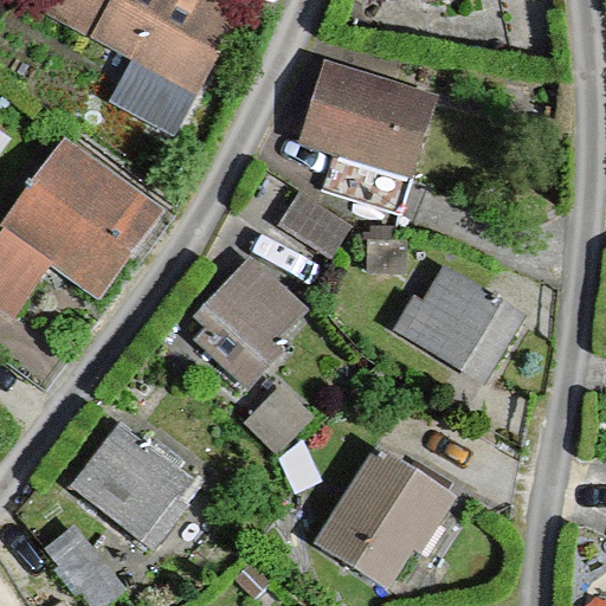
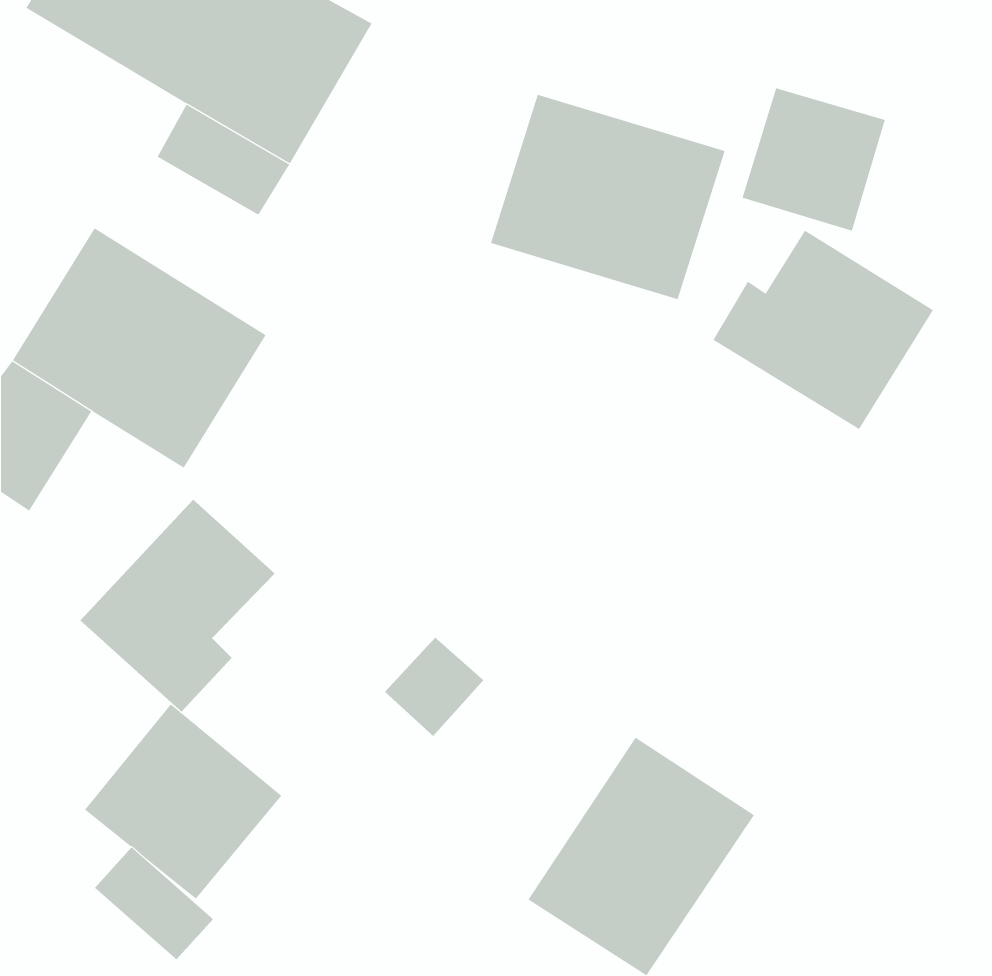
building: none -> [742,87,885,232]
building: [175,258,294,387] -> [80,499,276,713]
building: [386,269,520,389] -> [712,230,934,430]

